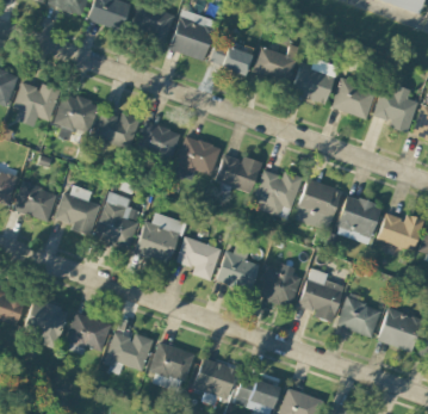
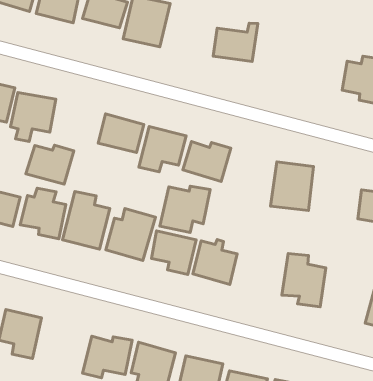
building: [209,43,252,75] -> none
building: [291,58,337,104] -> none
building: [330,78,377,119] -> none
building: [93,111,141,150] -> [26,145,74,184]
building: [252,171,303,216] -> [160,186,210,232]
building: [335,194,382,243] -> none
building: [256,266,303,307] -> none
building: [336,297,382,338] -> none
building: [66,311,111,354] -> none

